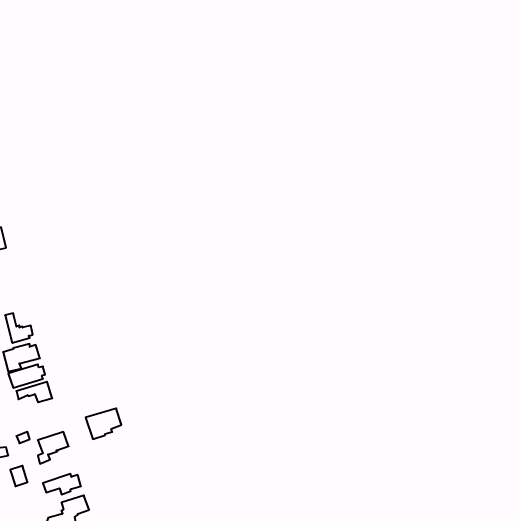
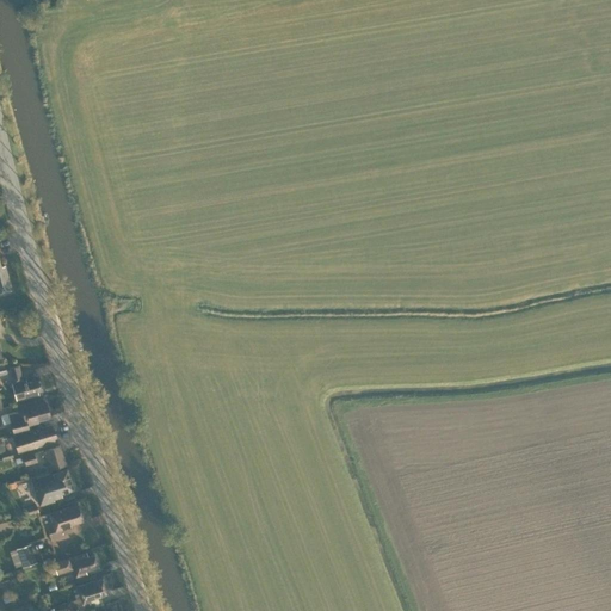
building: [86,408,121,439] -> [27,471,69,507]

